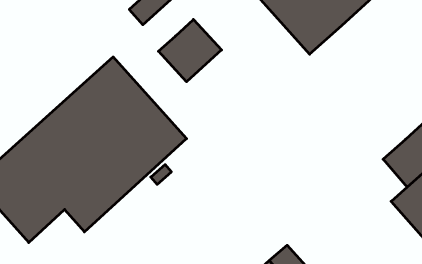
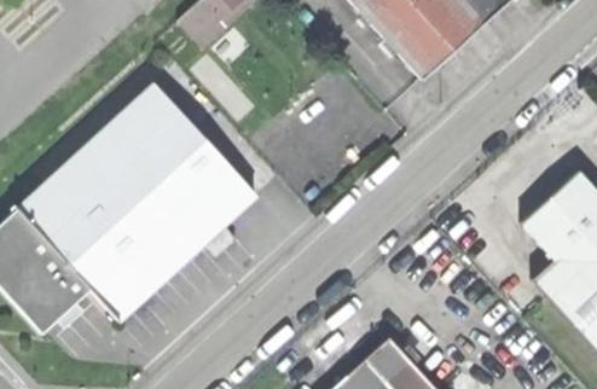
building: [158,19,222,82] -> none

